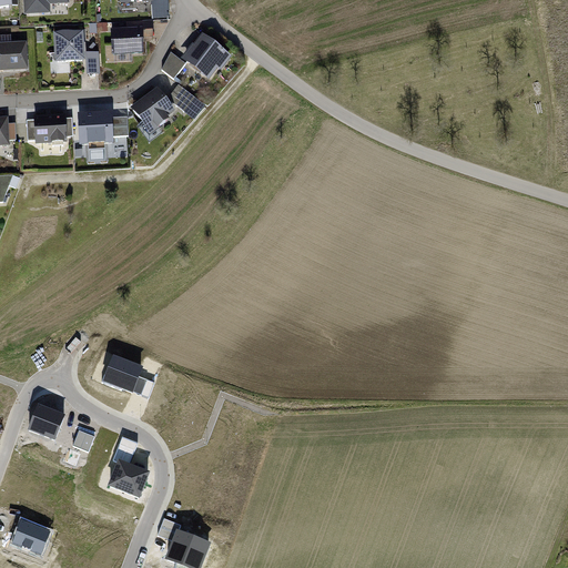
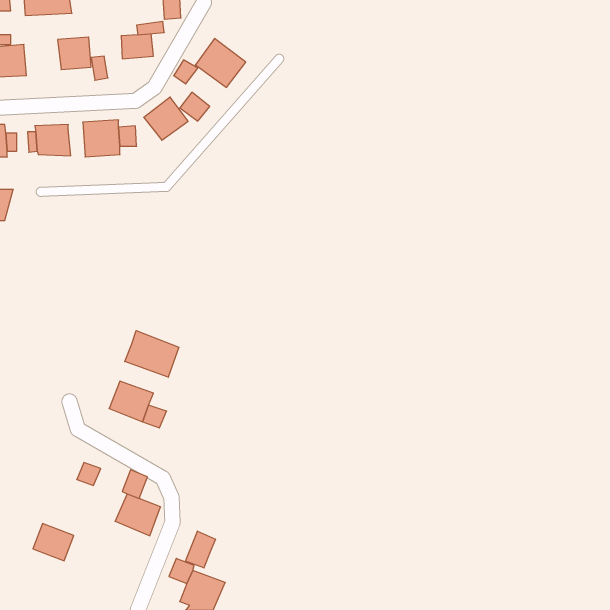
building: none -> [125,331,179,377]
building: [27,402,64,438] -> none
building: none -> [185,531,215,568]
building: [10,517,48,551] -> [33,524,74,561]

